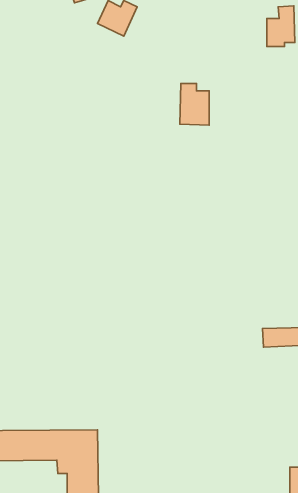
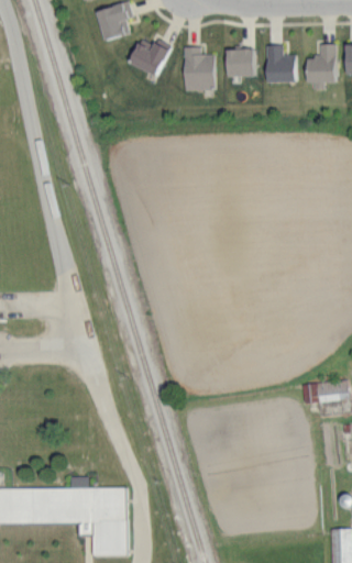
building: none -> [265,44,295,81]
building: none -> [226,47,253,76]
building: [180,83,209,125] -> [183,46,213,90]

